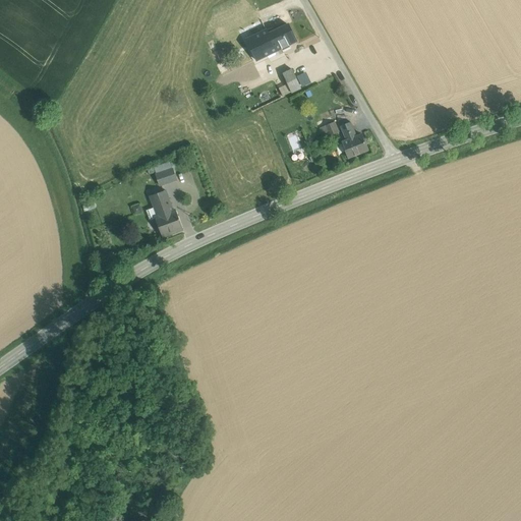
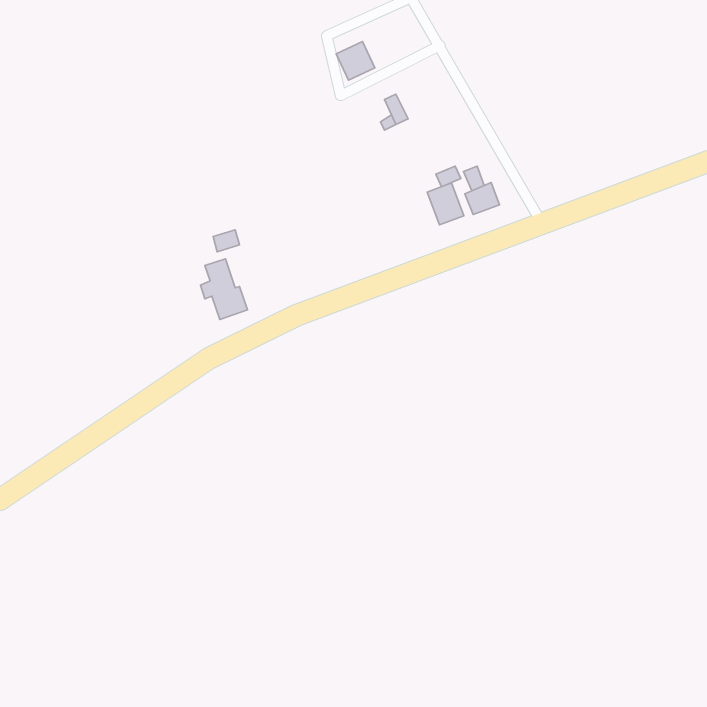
building: [267,24,295,52] -> none
building: none -> [427,183,464,225]

